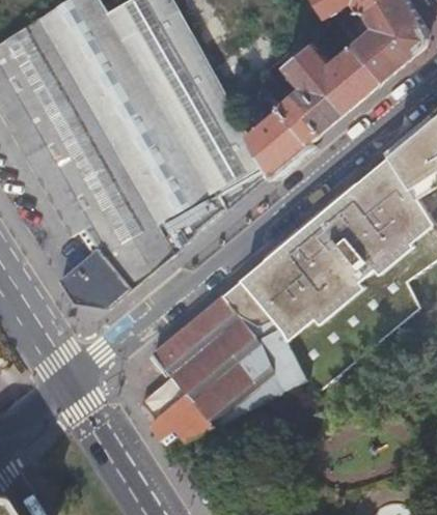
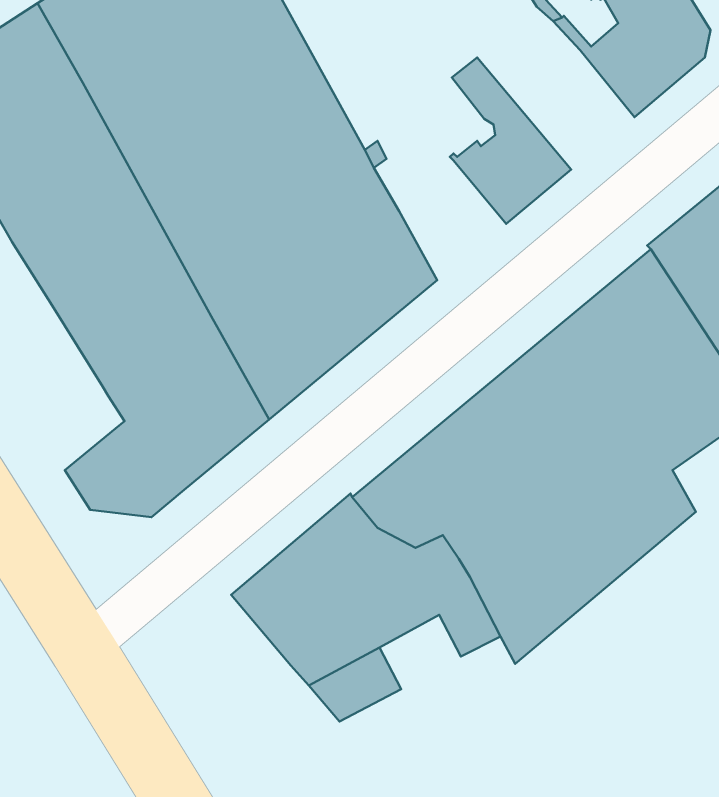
building: [291,34,381,111] -> none
building: [246,106,307,174] -> none
building: [235,366,281,408] -> none
building: [146,395,212,452] -> none

